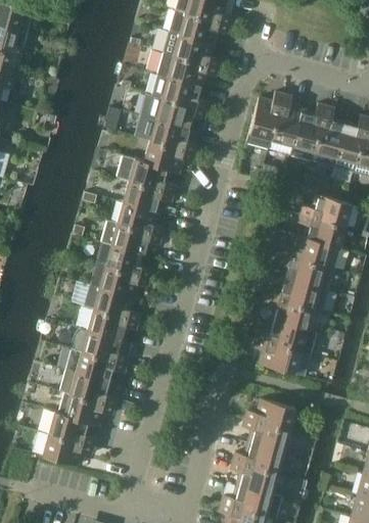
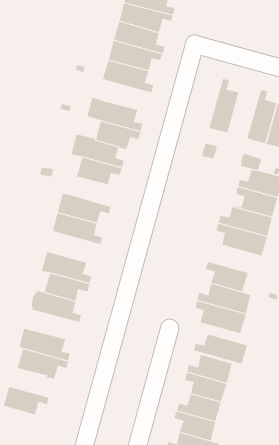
building: [245,91,283,148] -> none
building: [139,92,205,128] -> none
building: [289,102,325,159] -> none
building: [116,201,163,235] -> none
building: [89,262,149,296] -> none
building: [267,277,327,311] -> [193,334,248,365]
building: [63,347,126,381] -> none
building: [47,412,95,445] -> none

